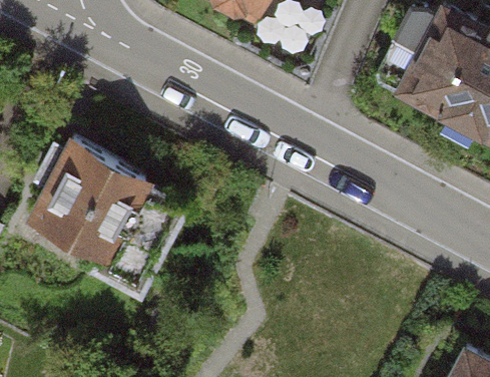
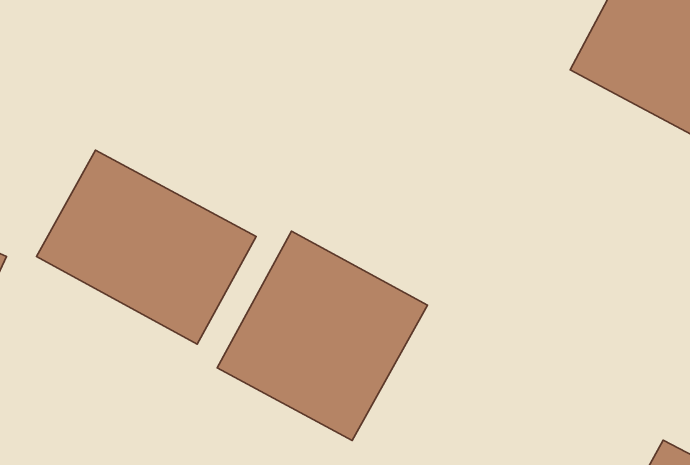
building: none -> [217,231,428,441]

